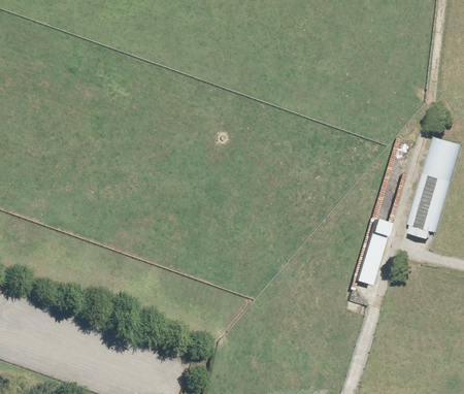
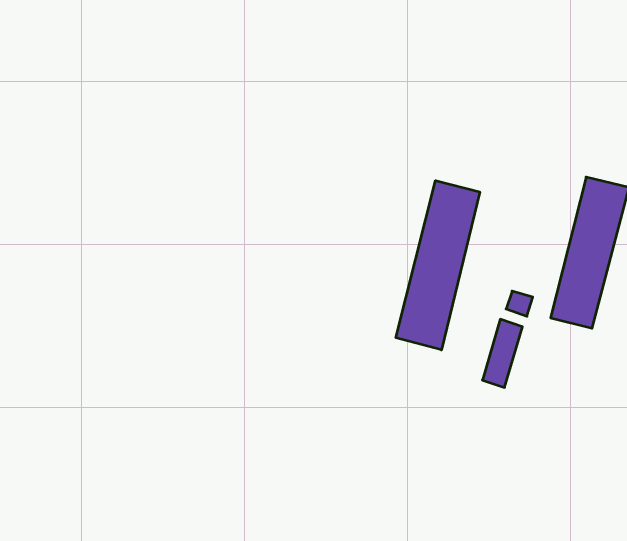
building: none -> [396,181,480,350]

